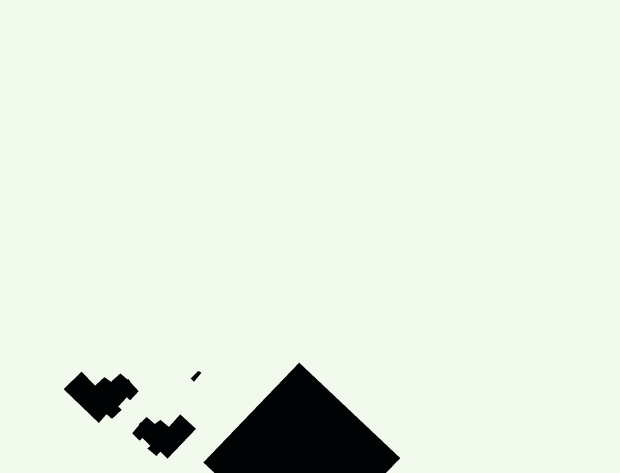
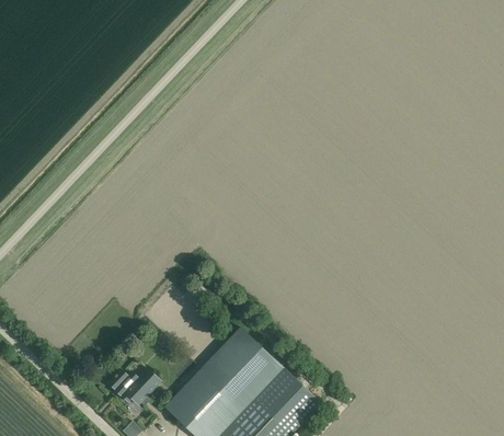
building: [63,371,139,424] -> none

